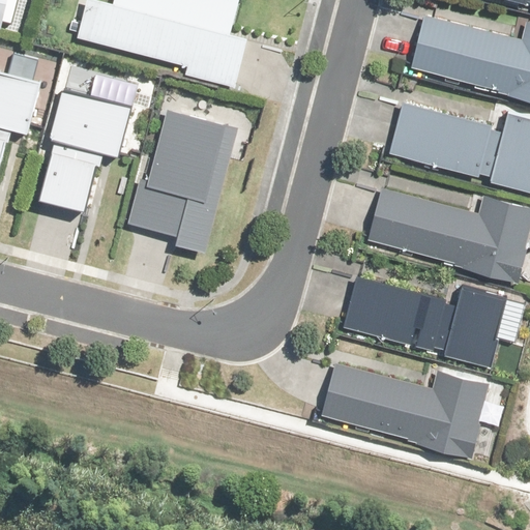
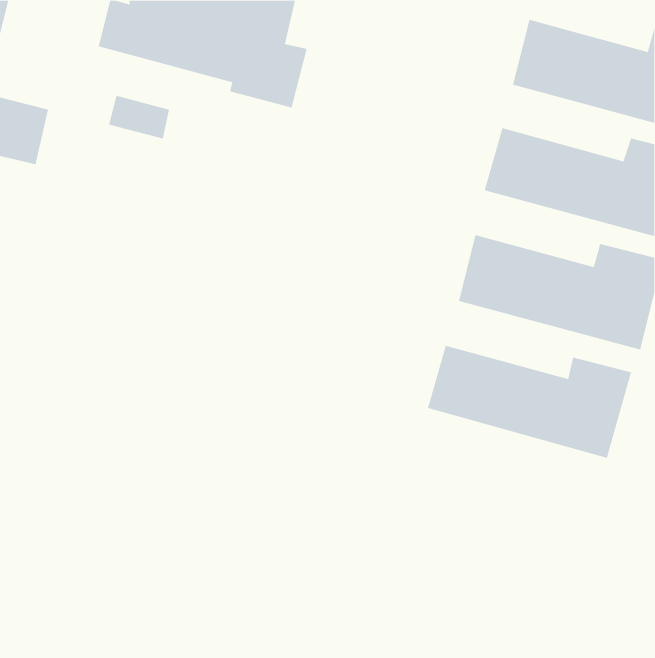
building: [30,94,124,208] -> none
building: [128,112,238,253] -> none
building: [321,360,492,455] -> none

